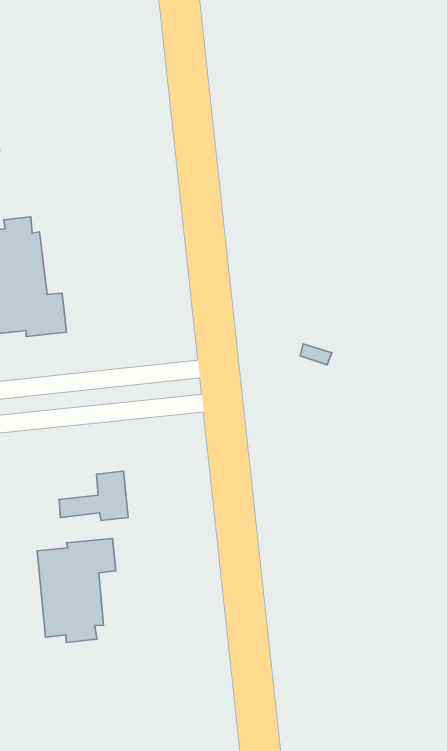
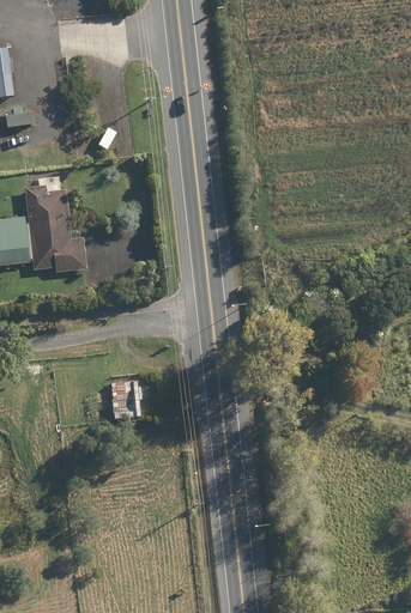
building: [37,538,116,642] -> none

